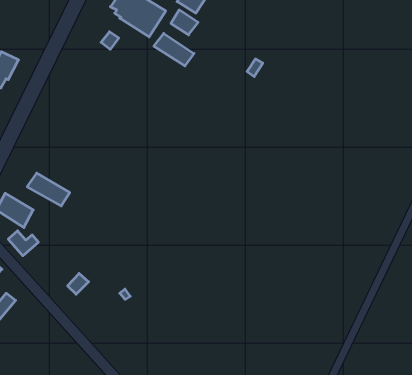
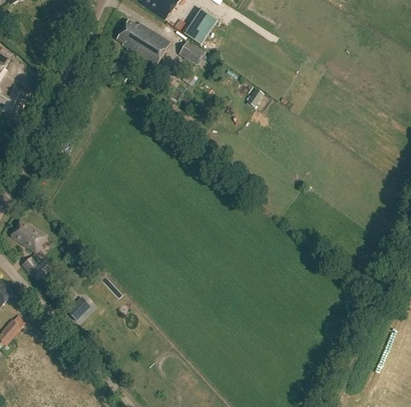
building: [154,33,194,66] -> none
building: [27,173,70,206] -> none

